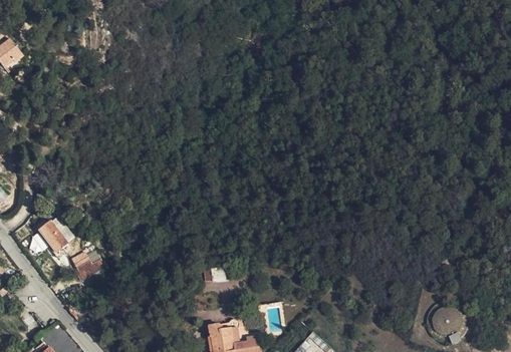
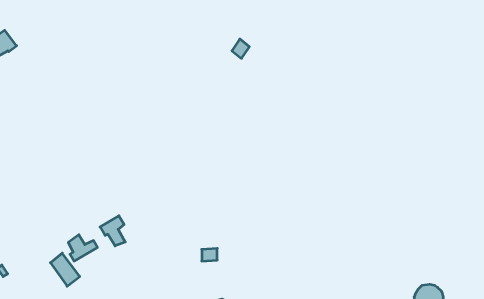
building: [39,220,69,254] -> [50,253,80,286]
building: none -> [100,216,125,246]

